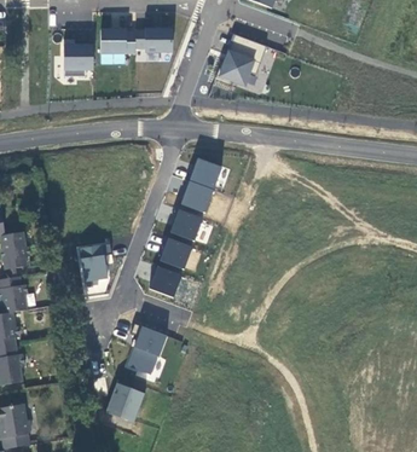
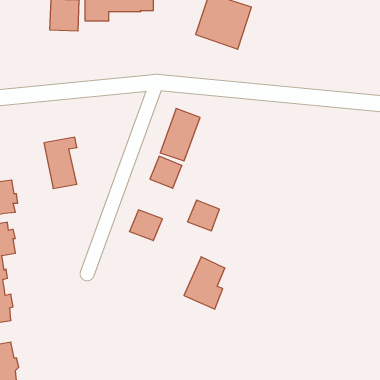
building: [158,236,192,268] -> [187,200,219,231]
building: [76,241,111,295] -> [44,137,77,189]
building: [124,324,168,379] -> [184,257,225,309]
building: [105,381,145,421] -> none

